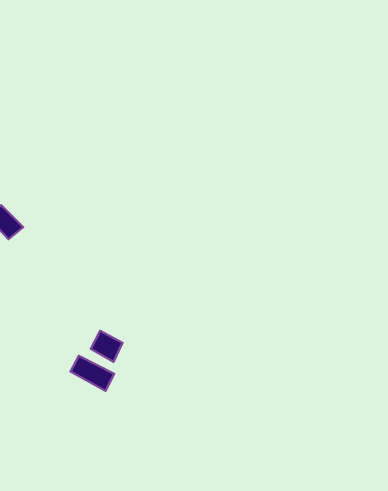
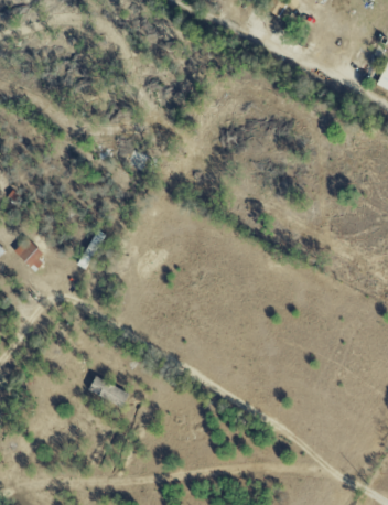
building: [91,331,123,362] -> none

